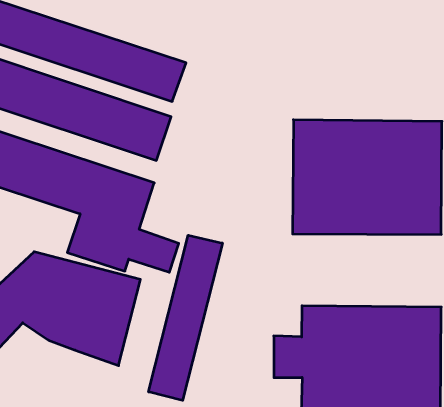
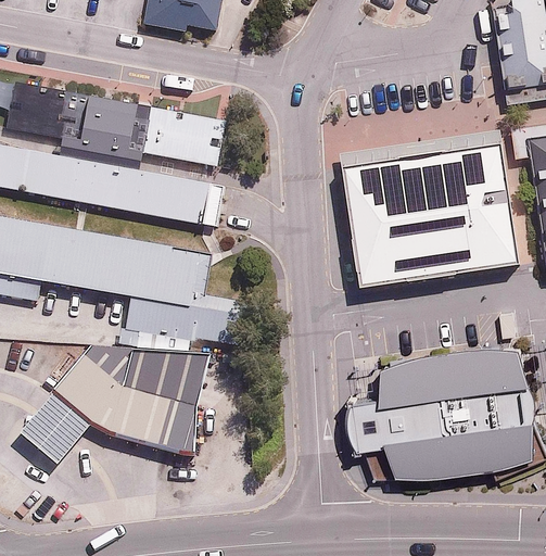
building: [149,235,222,400] -> none

